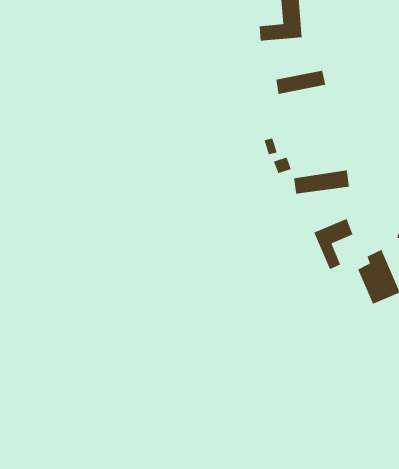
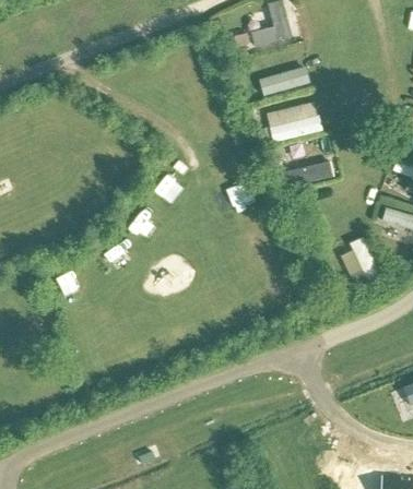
building: none -> [264,100,322,142]
building: [313,218,354,270] -> none

